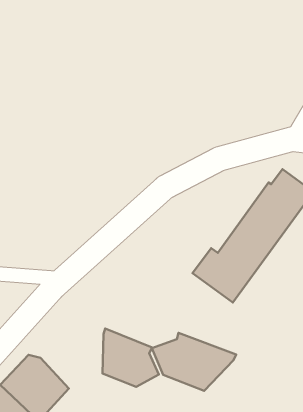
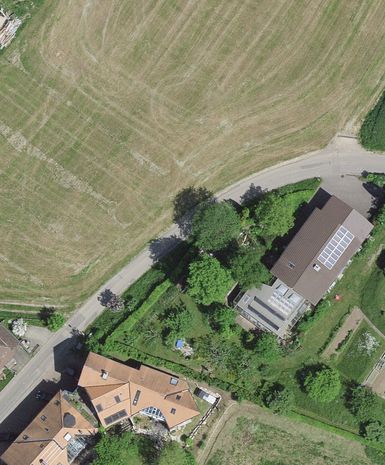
building: none -> [73,351,140,428]
building: [152,333,236,391] -> none

